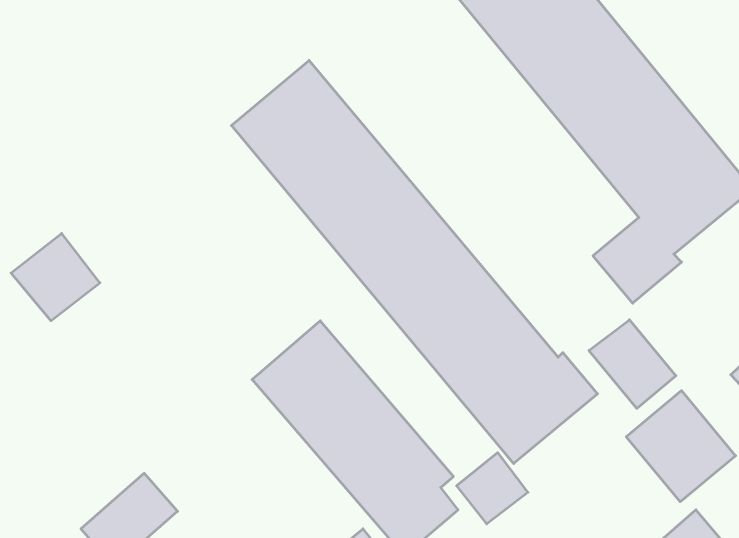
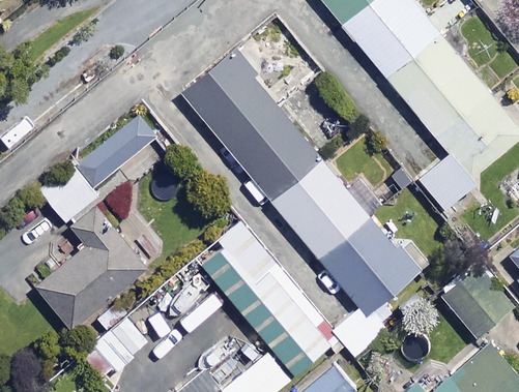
building: none -> [79,119,146,181]
building: none -> [35,208,145,329]
building: [589,320,676,408] -> none

